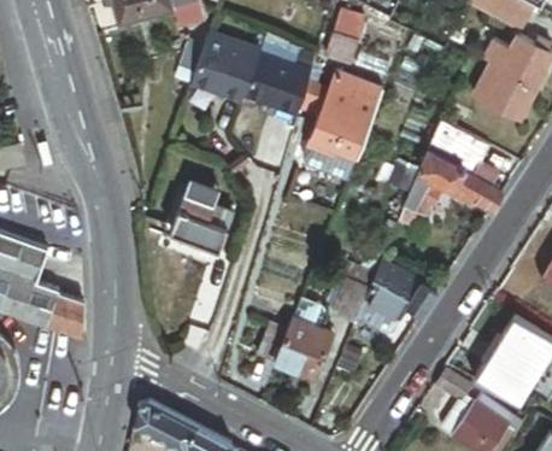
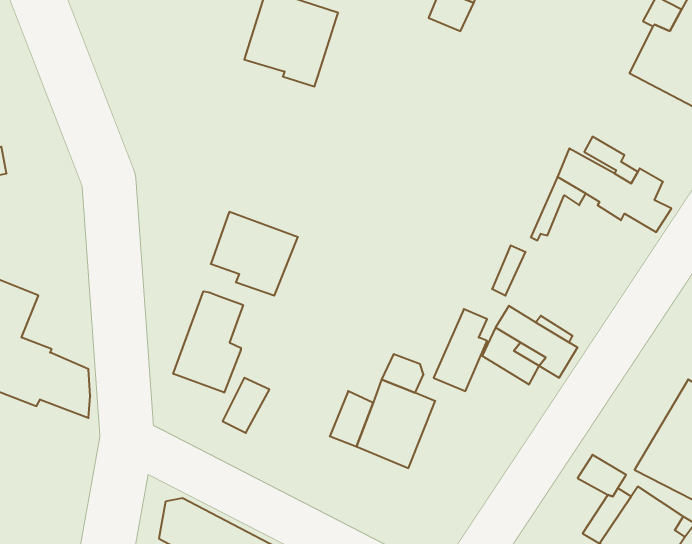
building: [248,54,312,116] -> none
building: [309,72,383,156] -> none
building: none -> [173,291,243,393]

